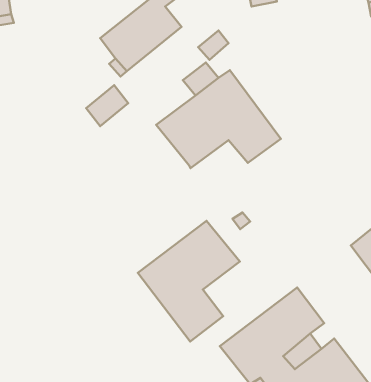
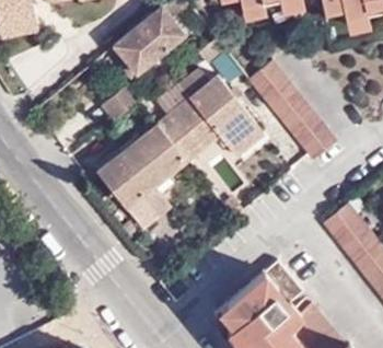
building: none -> [248,63,336,162]
building: [138,221,240,342] -> [102,121,189,225]

